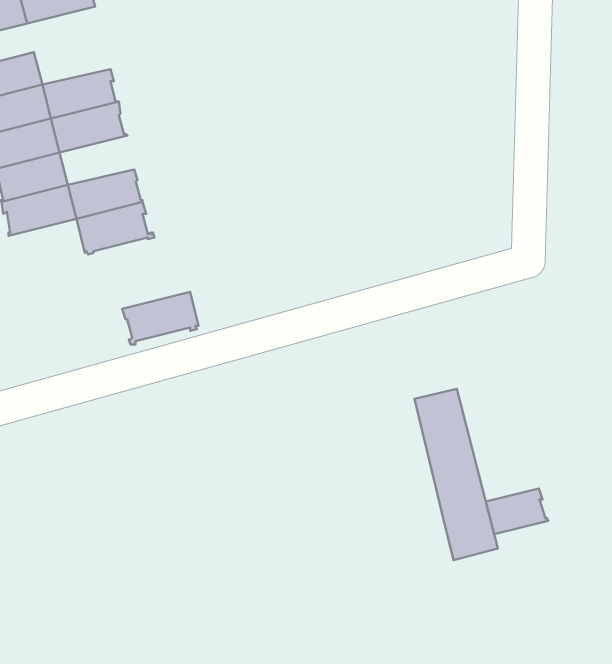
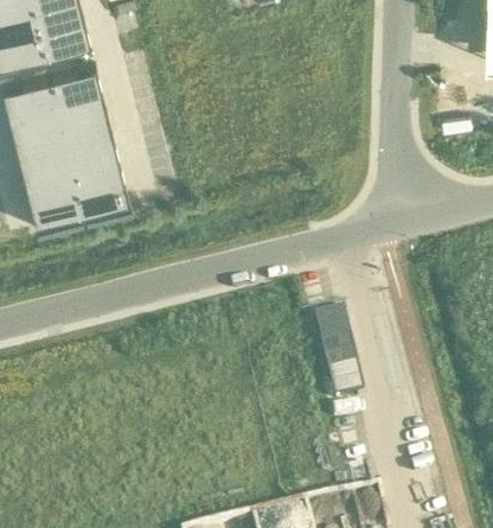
building: none -> [45,61,98,95]
building: none -> [63,131,115,165]
building: [122,292,199,345] -> [27,189,81,225]
building: [486,489,548,534] -> none

